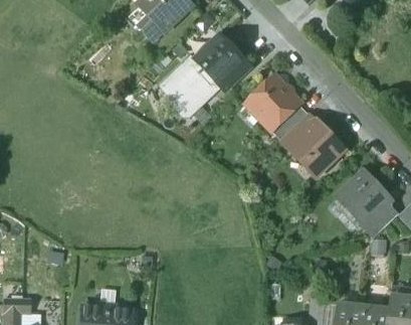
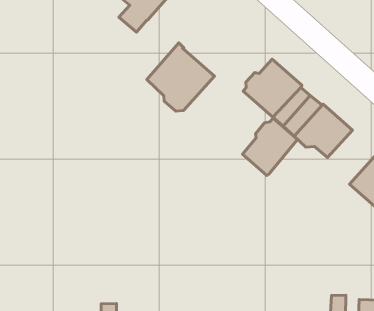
building: [194,35,245,92] -> none
building: none -> [242,118,297,175]

